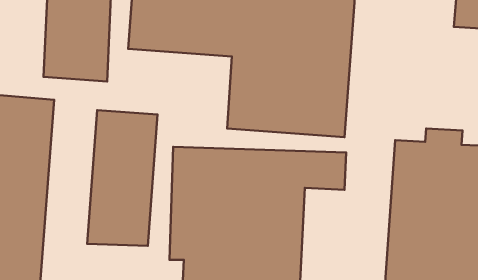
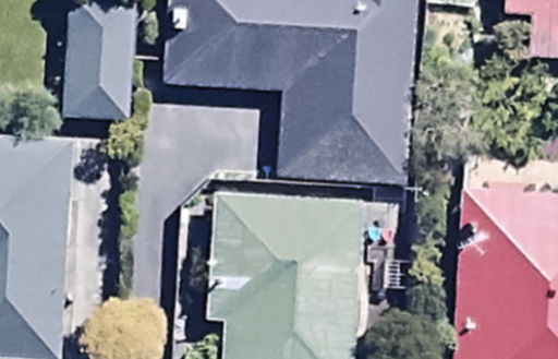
building: [87,110,158,246] -> none

